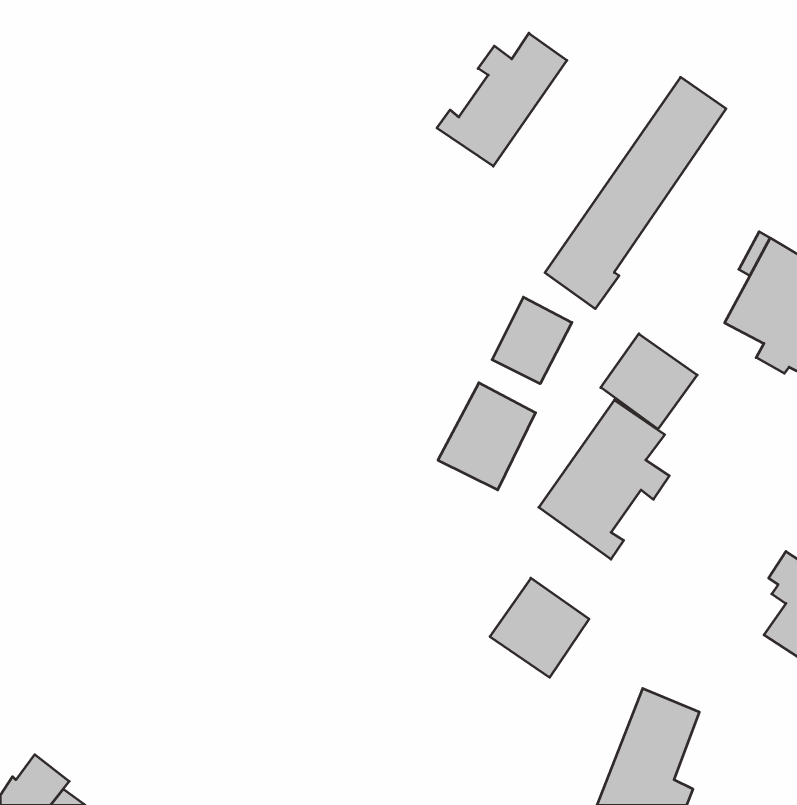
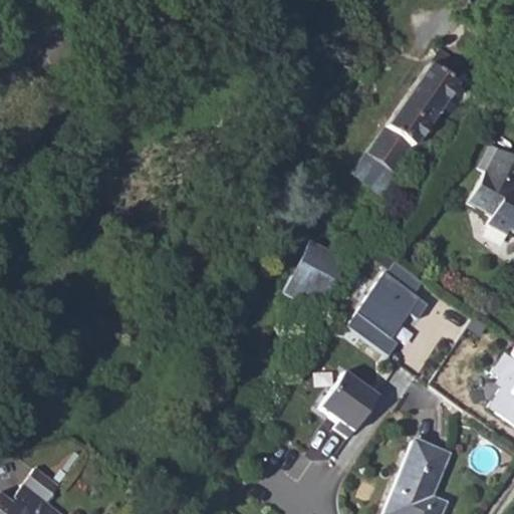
building: [437,33,567,166] -> none
building: [492,297,572,384] -> none
building: [601,334,697,429] -> none

